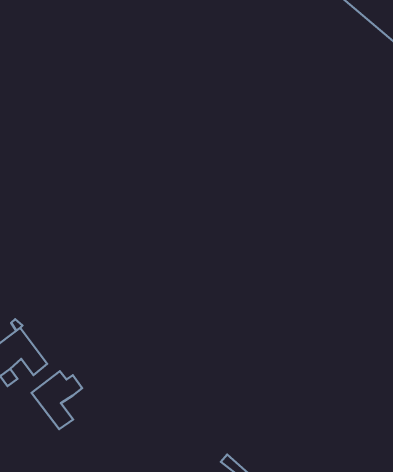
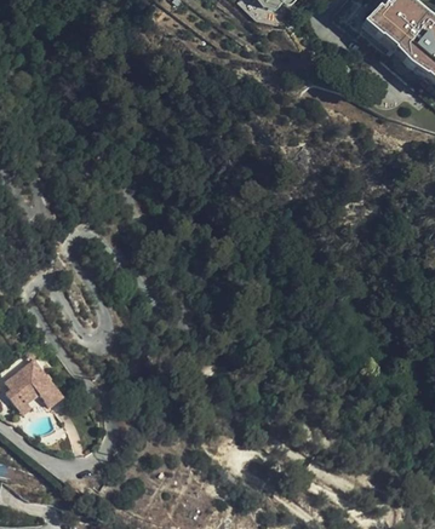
building: [32,371,82,429] -> none

